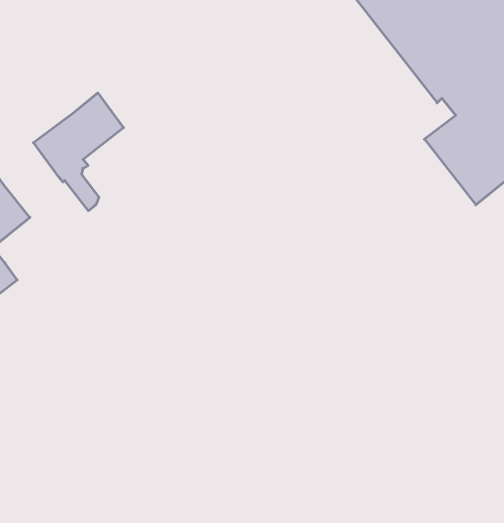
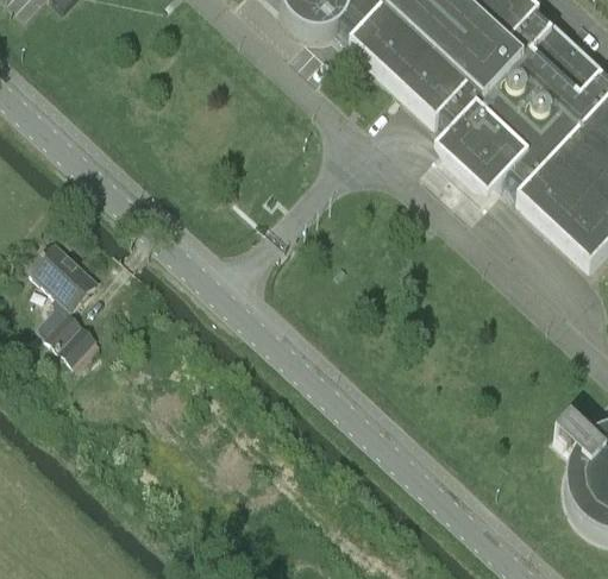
building: [33,93,124,211] -> none

